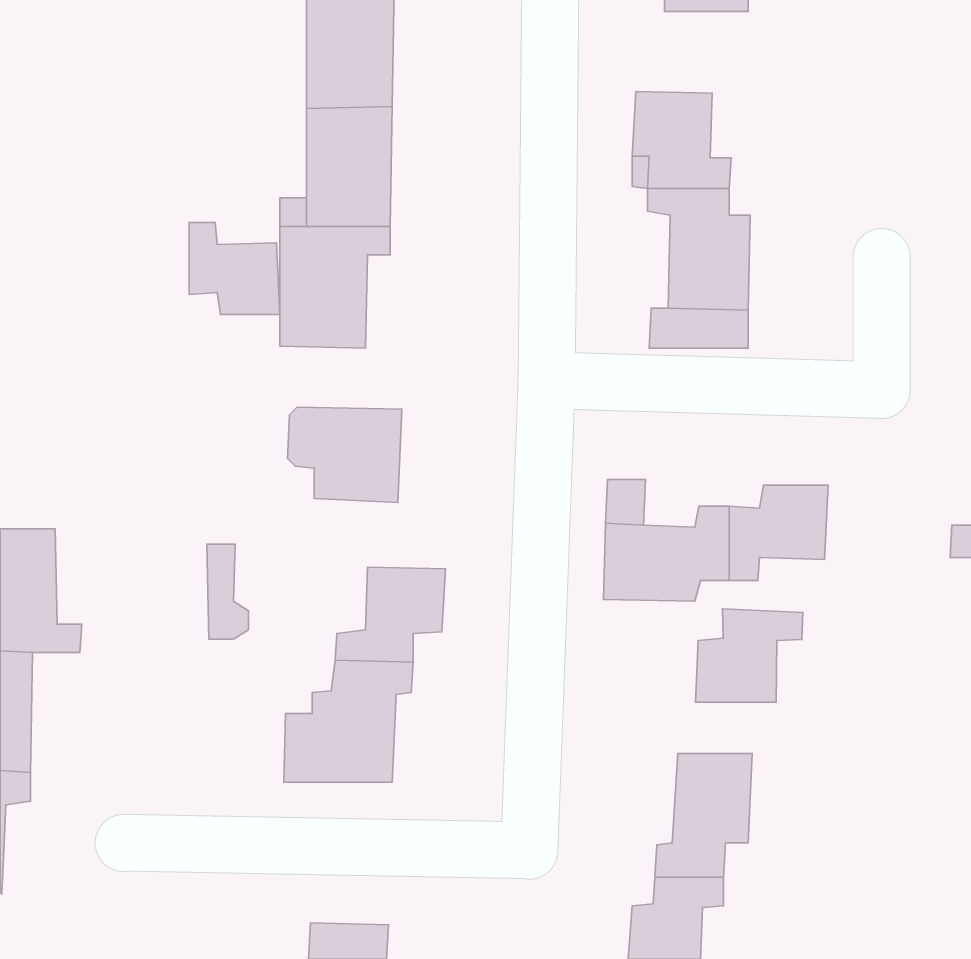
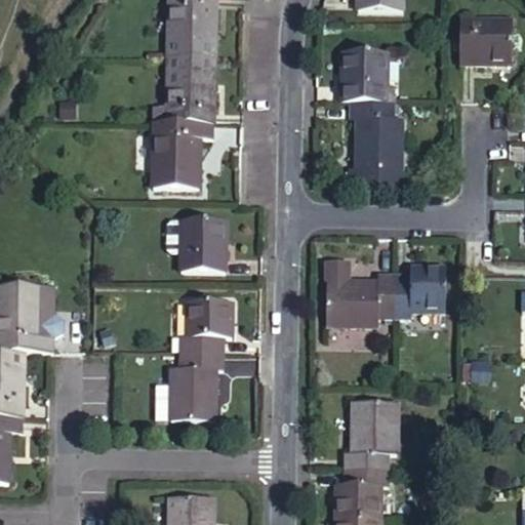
building: none -> [460,21,514,63]
building: [189,222,280,315] -> none
building: [207,544,249,639] -> [31,285,53,336]
building: [696,609,803,702] -> none

